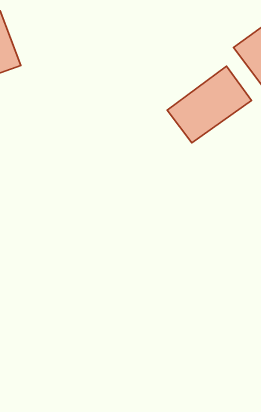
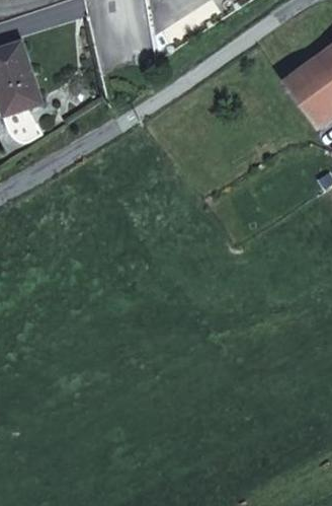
building: [167,66,252,143] -> none

